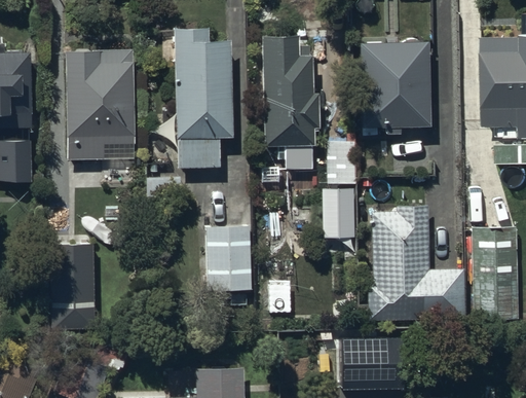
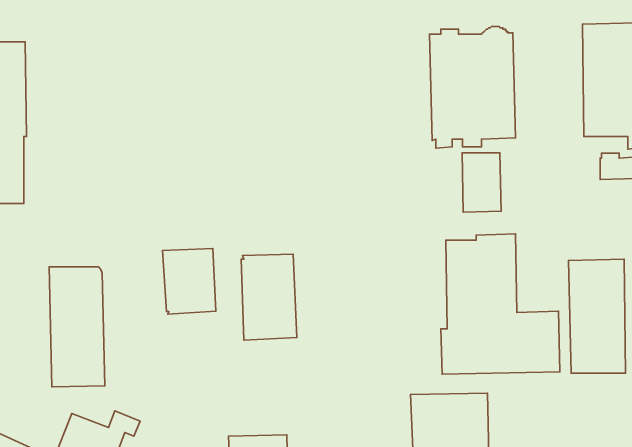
building: [173,30,233,169] -> none
building: [261,36,318,152] -> none
building: [65,51,135,161] -> none
building: [323,185,354,233] -> [462,153,501,212]
building: none -> [163,248,216,314]

